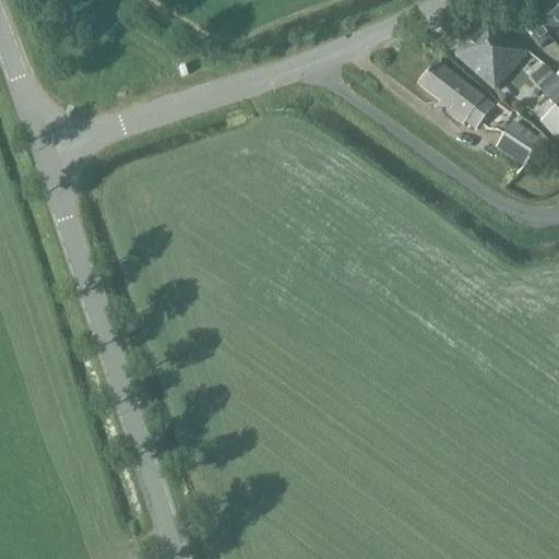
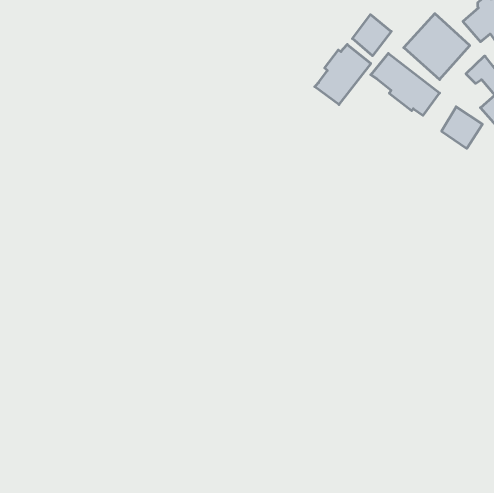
building: none -> [352,15,391,56]
building: none -> [315,44,371,105]

